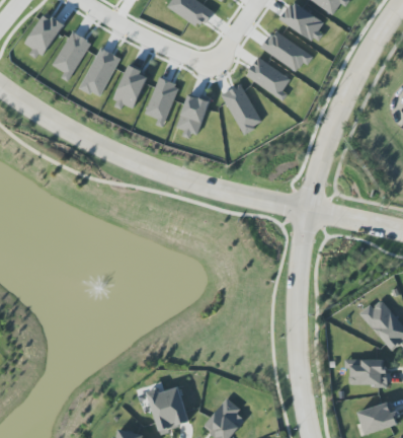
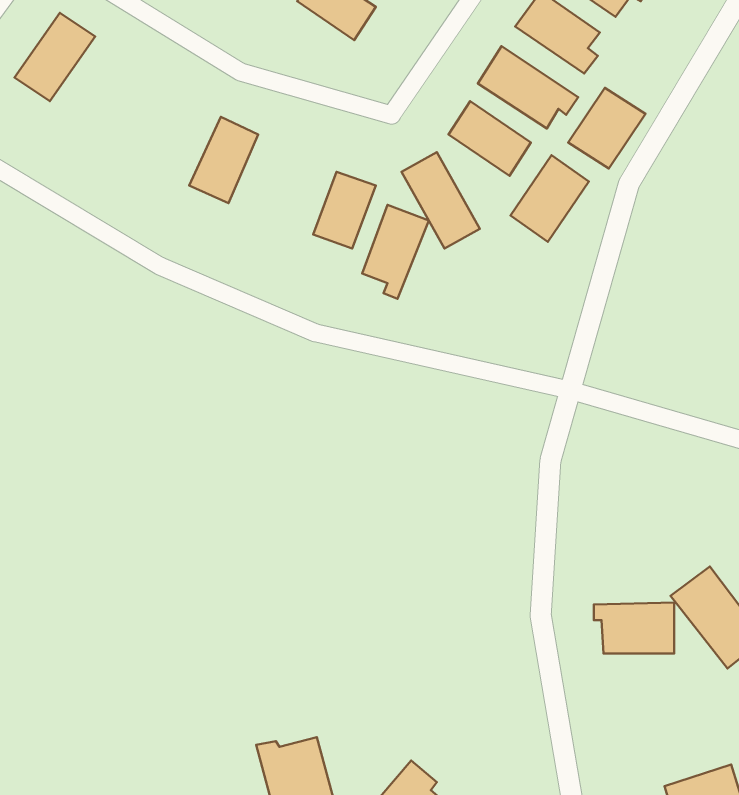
building: [52,31,92,78] -> none
building: [81,48,120,97] -> none
building: none -> [568,88,645,169]
building: [146,78,180,127] -> [362,205,429,299]
building: none -> [511,155,589,242]
building: [345,359,387,385] -> [594,602,674,653]

